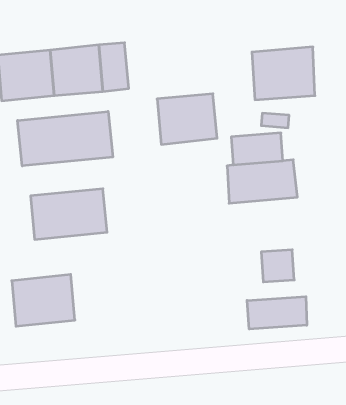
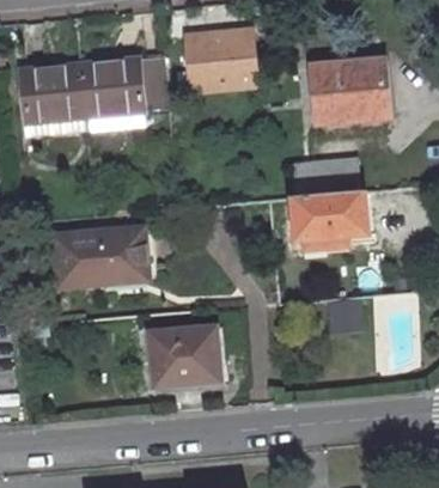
building: [157,94,217,144] -> [189,36,258,94]
building: [18,111,113,166] -> none
building: [12,274,75,326] -> [146,329,219,389]
building: [247,297,307,329] -> none

